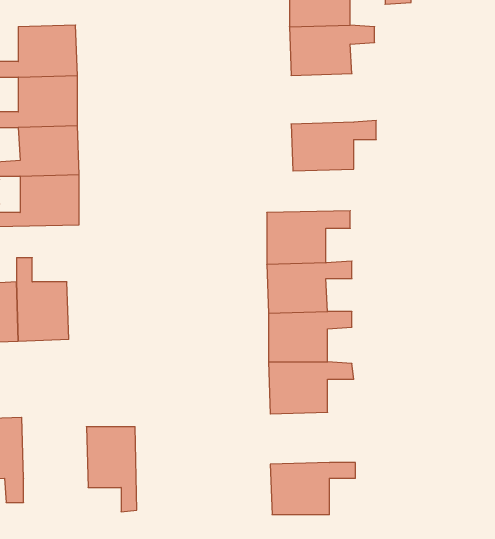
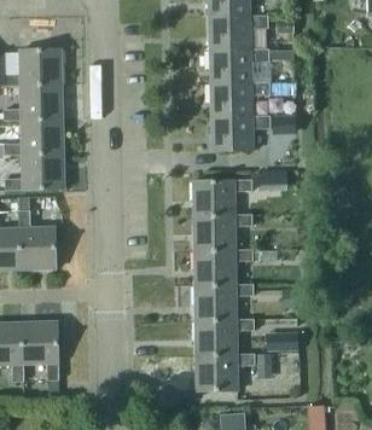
building: none -> [210,82,269,117]
building: none -> [196,318,254,354]
building: [86,427,137,512] -> [23,321,58,380]

